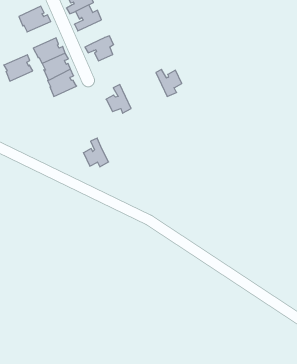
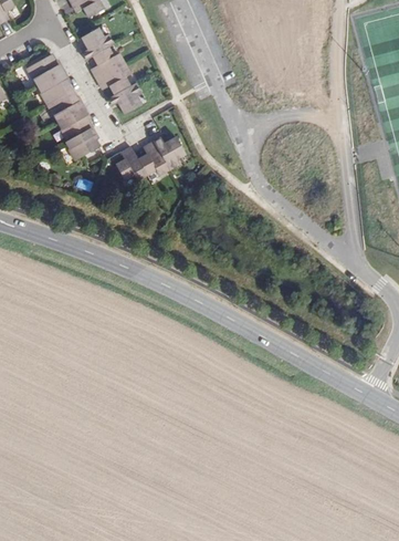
building: none -> [97,64,130,94]
building: [4,55,33,81] -> [36,71,72,104]
building: [156,69,182,96] -> [153,136,185,168]
building: [83,138,109,167] -> [115,146,146,180]

